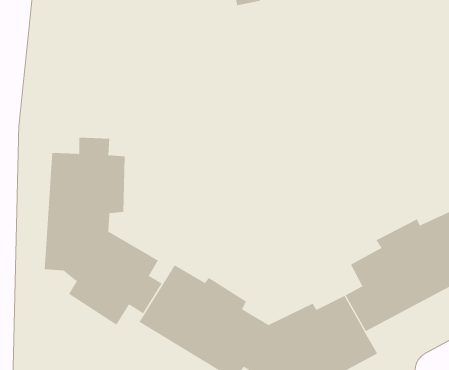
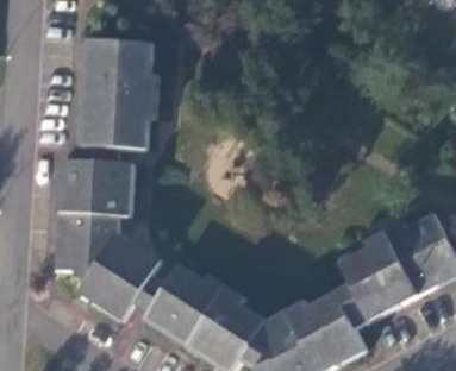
building: none -> [83,40,157,147]

